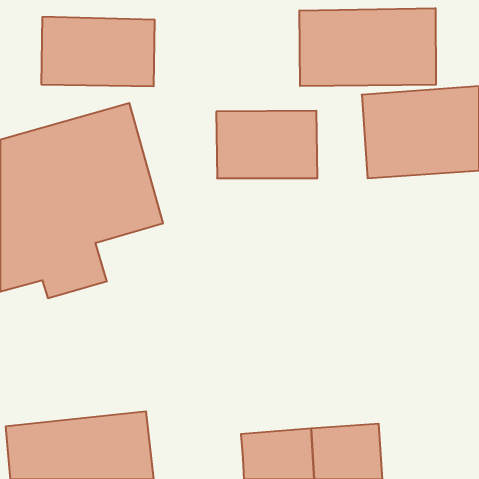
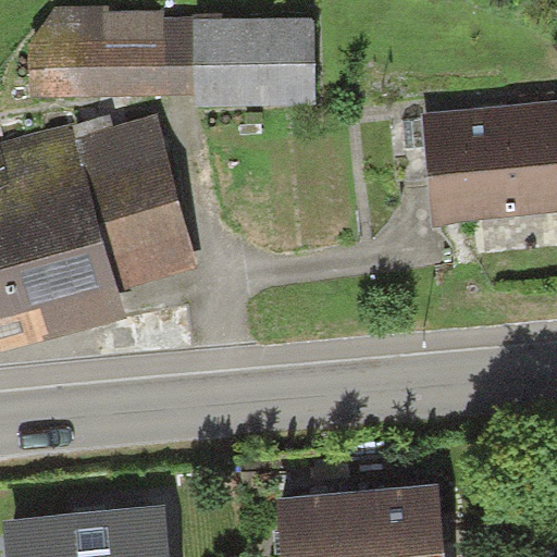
building: [300,8,436,86] -> none
building: [216,111,317,178] -> [199,23,317,101]

